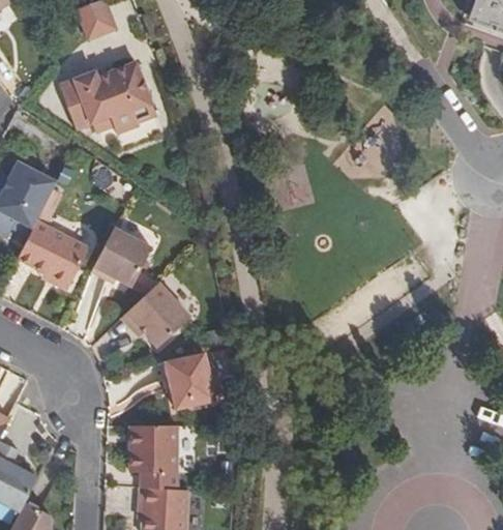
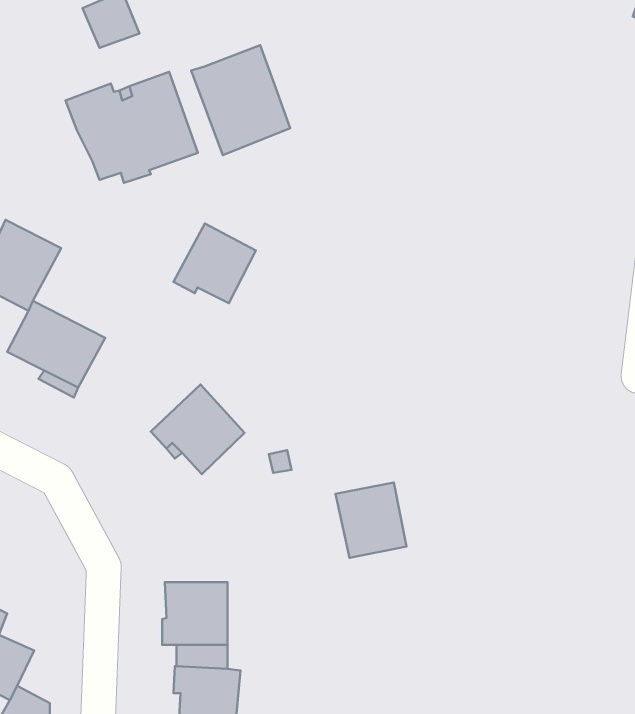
building: none -> [191,45,290,155]
building: [91,229,151,287] -> [173,224,256,303]
building: [164,353,215,408] -> [335,483,406,558]

